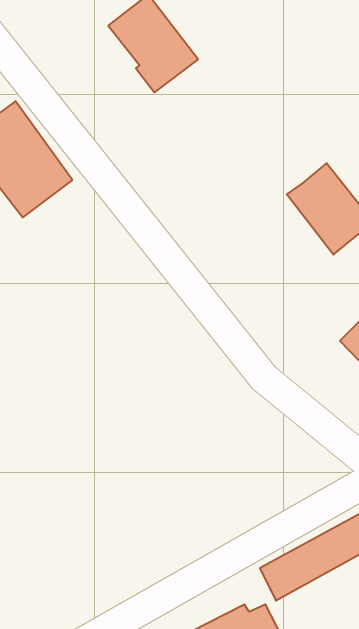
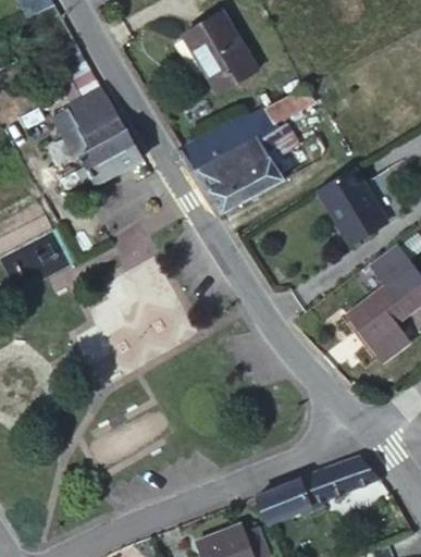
building: none -> [182,86,317,213]

